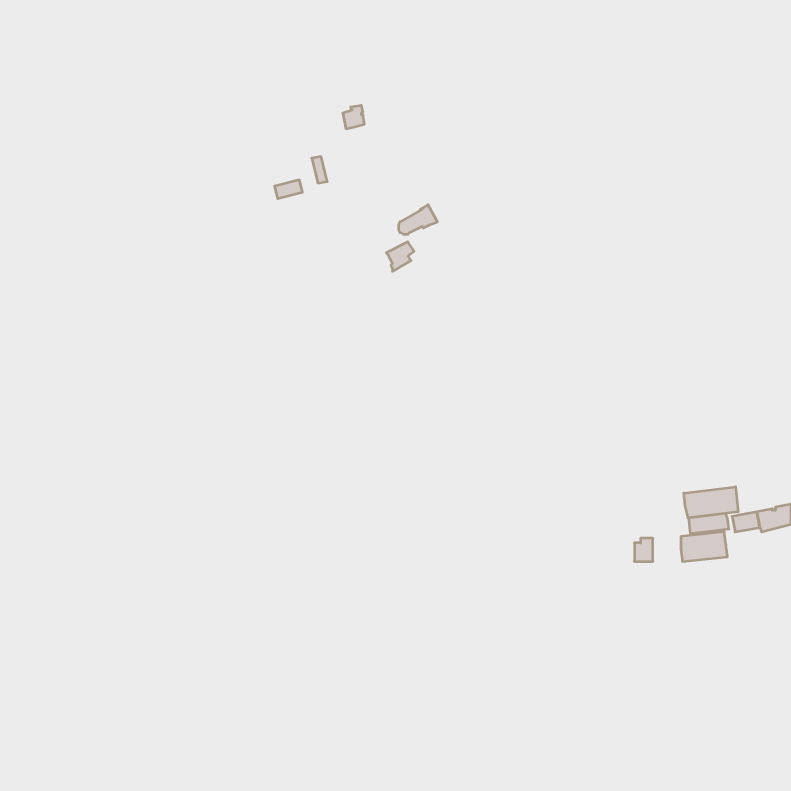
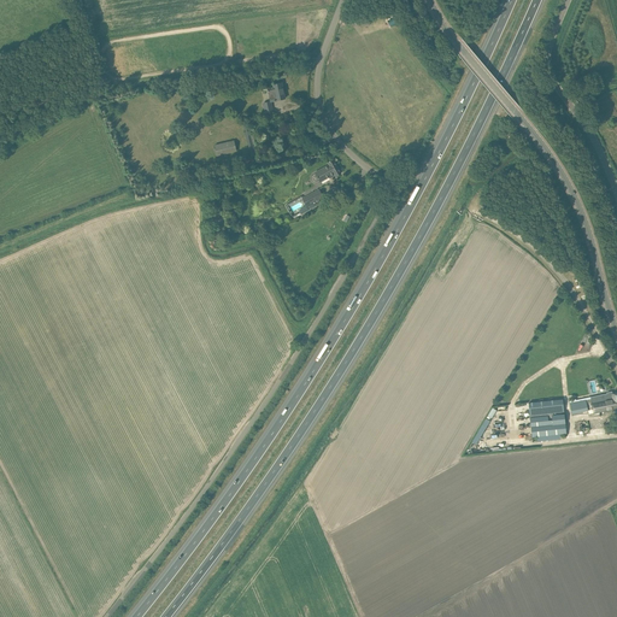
building: [684,487,738,518] -> none

